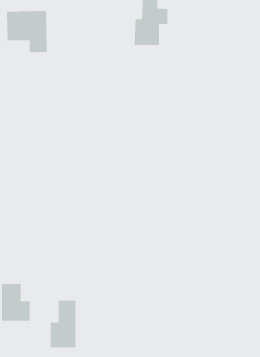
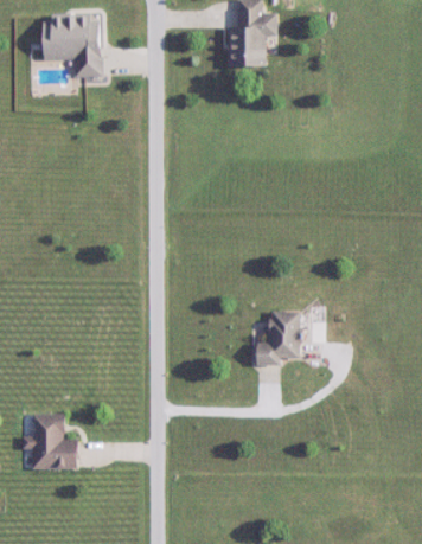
building: none -> [256,311,300,365]
building: [50,300,76,348] -> none

